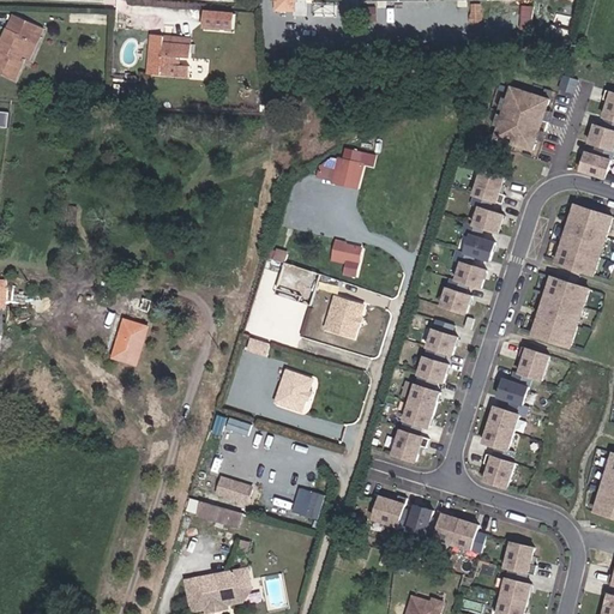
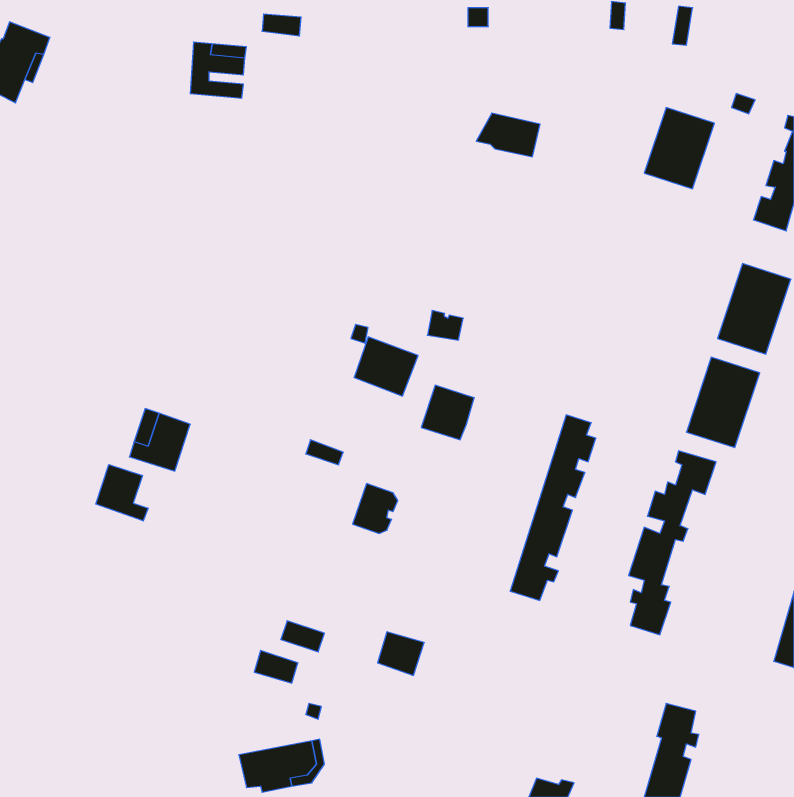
building: [314,155,363,188] -> [476,113,540,157]
building: [441,168,501,312] -> none
building: none -> [96,465,148,521]
building: [374,495,488,553] -> none

